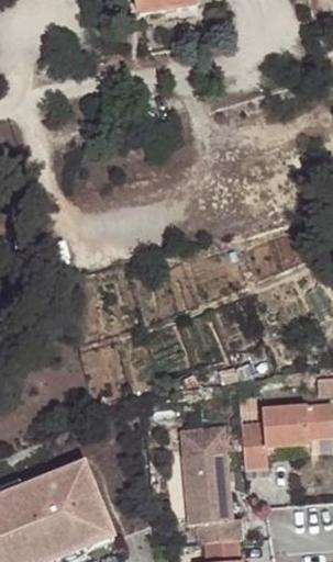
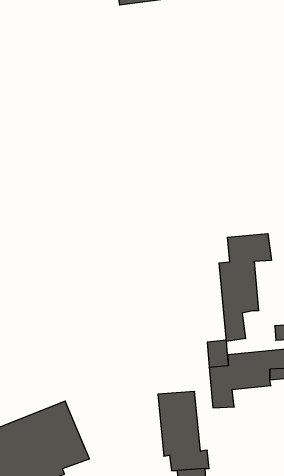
building: none -> [219,234,271,341]
building: [180,425,225,453] -> none

